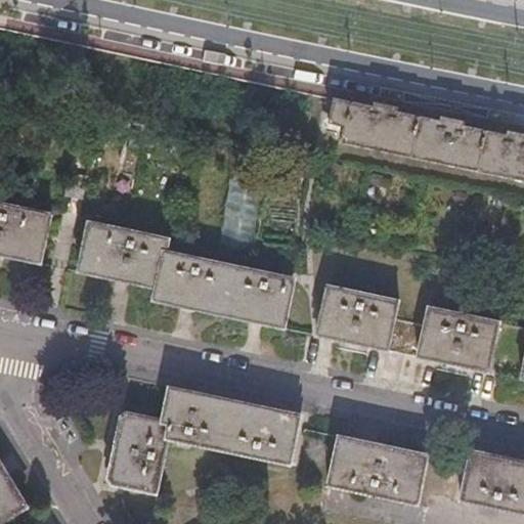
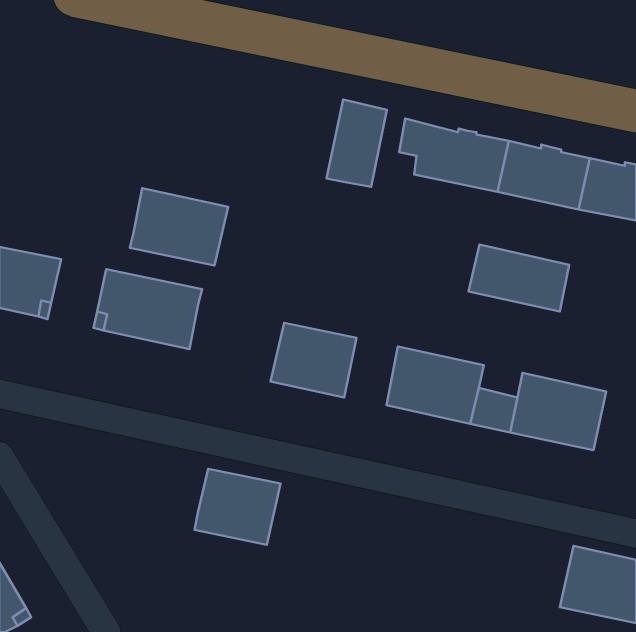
building: none -> [327,99,387,187]
building: none -> [468,245,569,312]
building: [152,250,233,313] -> [130,188,228,265]
building: [219,397,301,464] -> none
building: [104,410,163,490] -> none
building: [328,435,427,503] -> none

